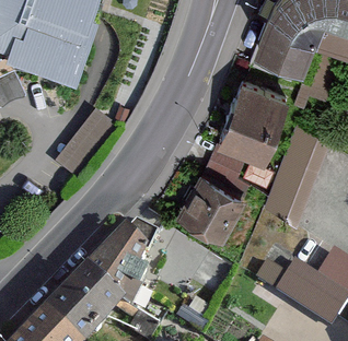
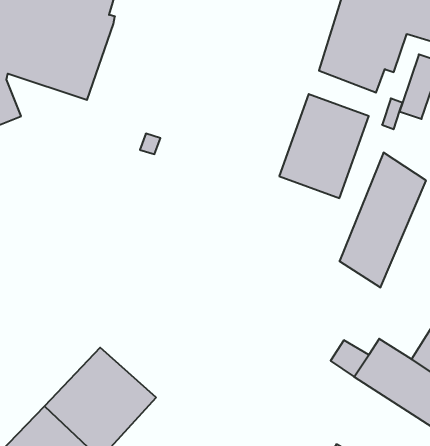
building: [51,105,112,173] -> none
building: [205,141,246,179] -> none
building: [176,170,243,236] -> none
building: [85,220,154,308] -> none

